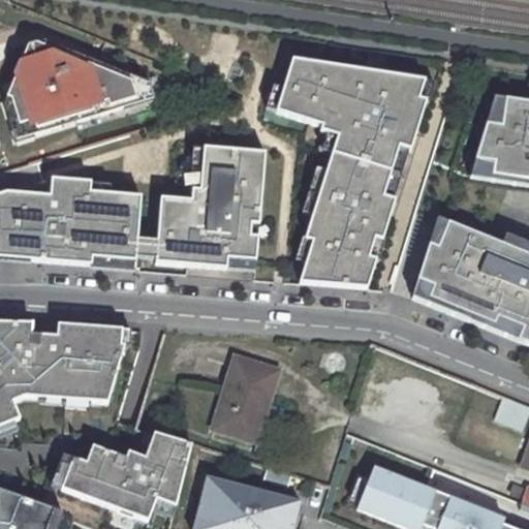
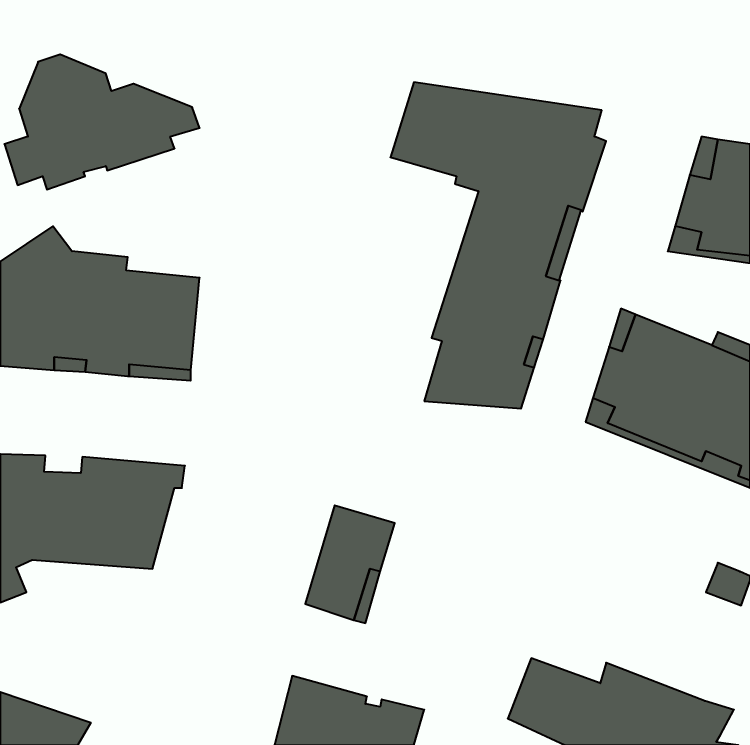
building: [154,146,264,268] -> none
building: [61,432,190,520] -> none

